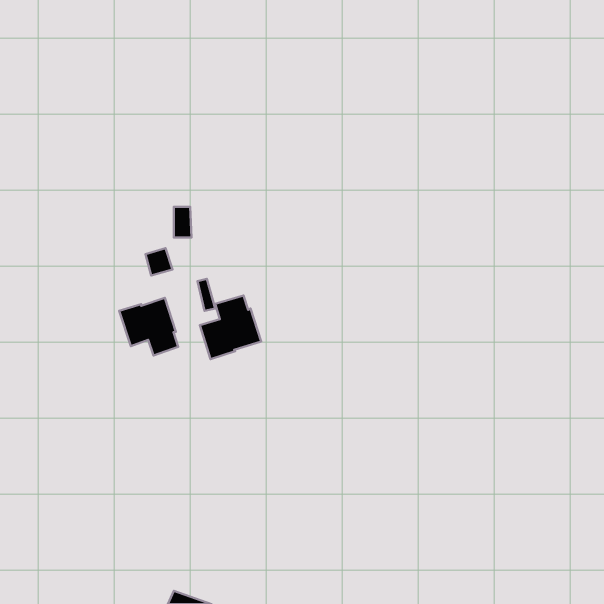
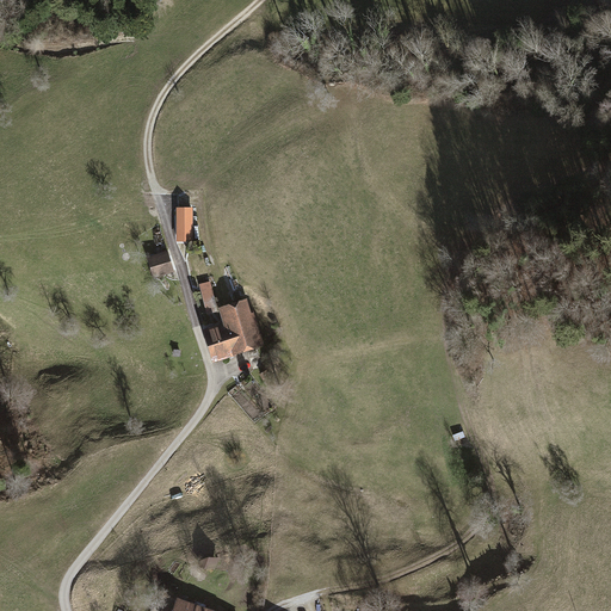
building: [119,298,178,356] -> none

